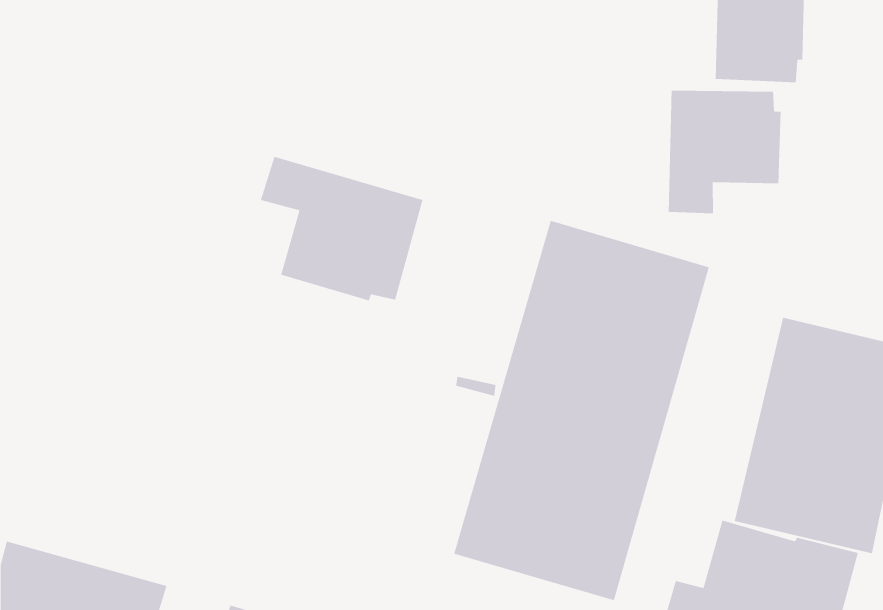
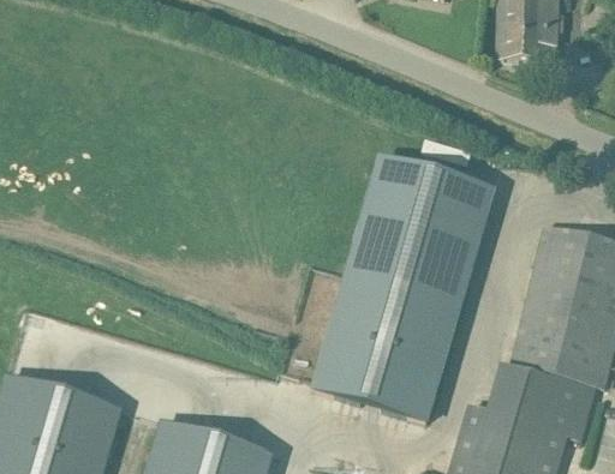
building: [668,90,782,214] -> none
building: [260,156,423,301] -> none

